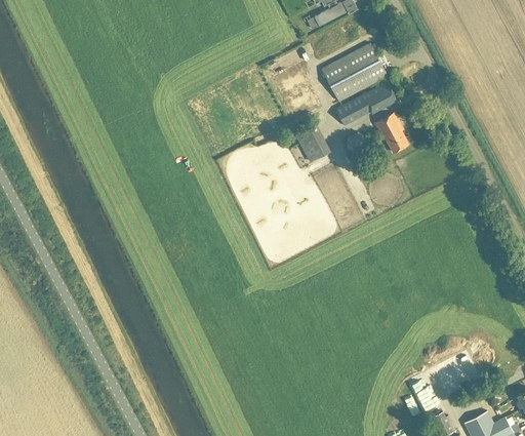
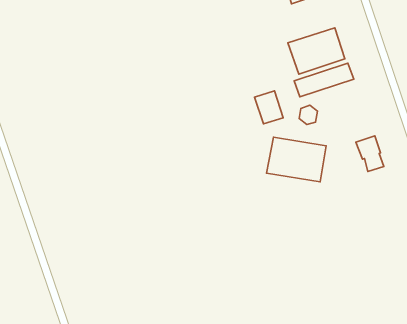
building: [374,113,409,153] -> [356,136,384,172]
building: none -> [267,137,326,182]

